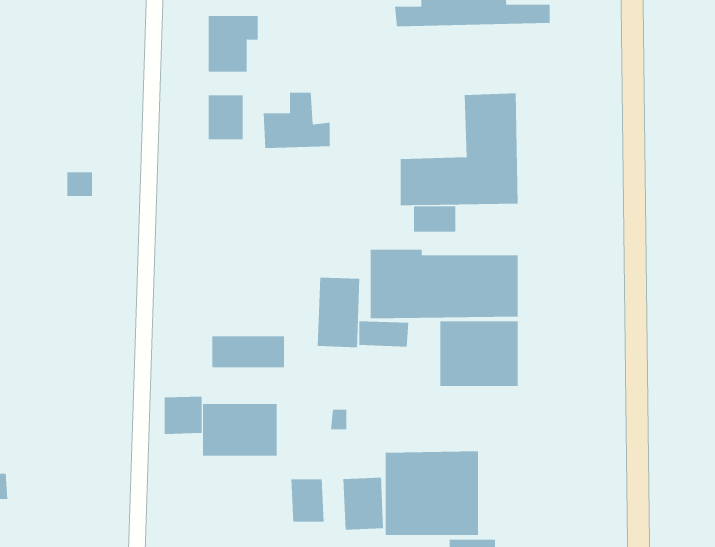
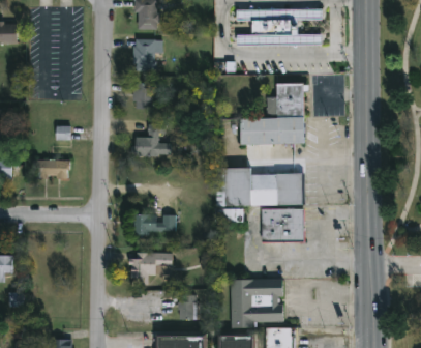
building: [263,92,330,149] -> [133,126,171,157]
building: none -> [34,161,68,178]
building: [317,277,360,348] -> none
building: [164,396,202,435] -> none
building: [343,477,384,531] -> none

